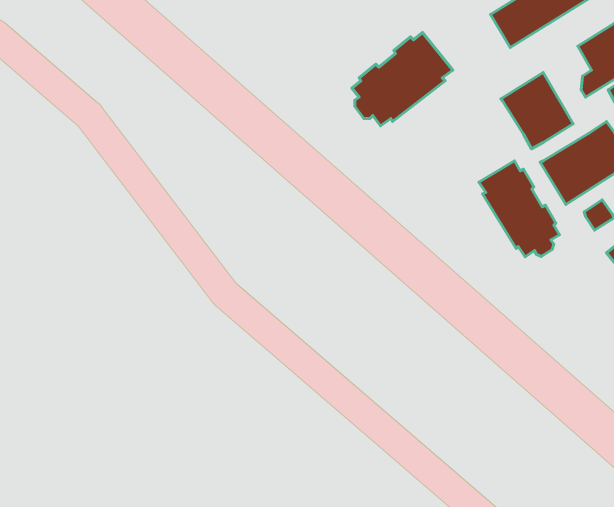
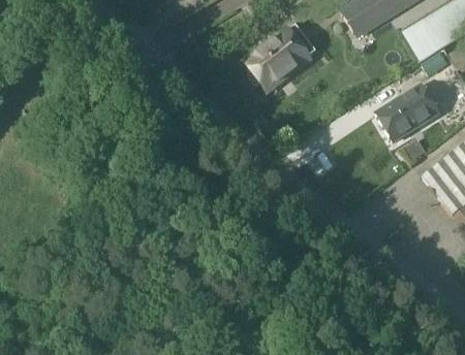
building: [501,72,573,149] -> none
building: [479,161,560,257] -> none

